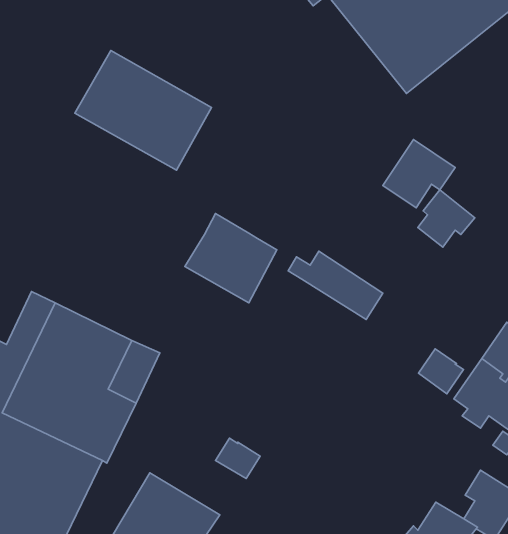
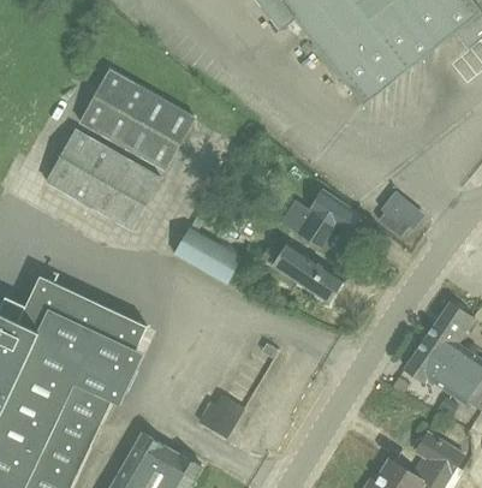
building: none -> [47,131,161,231]
building: [383,140,455,208] -> [297,191,359,250]
building: [418,349,464,394] -> none

